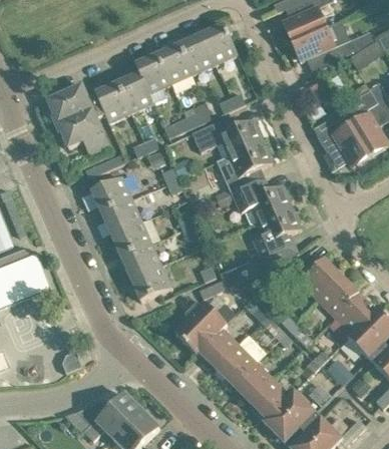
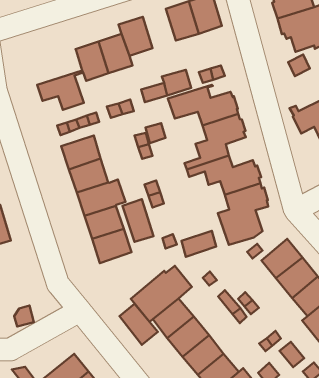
building: [157,43,192,83] -> none
building: [46,83,103,131] -> none
building: none -> [123,199,154,242]
building: none -> [119,304,158,345]

